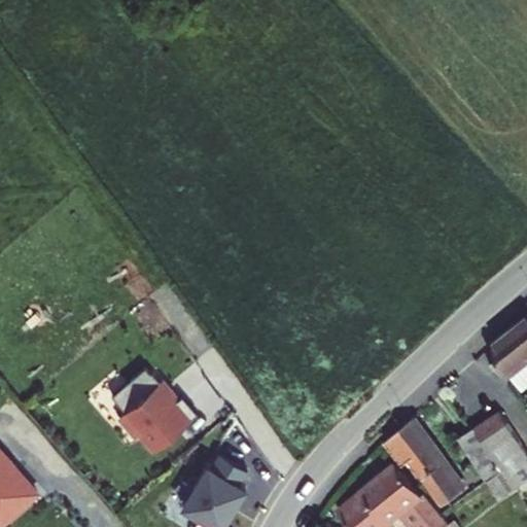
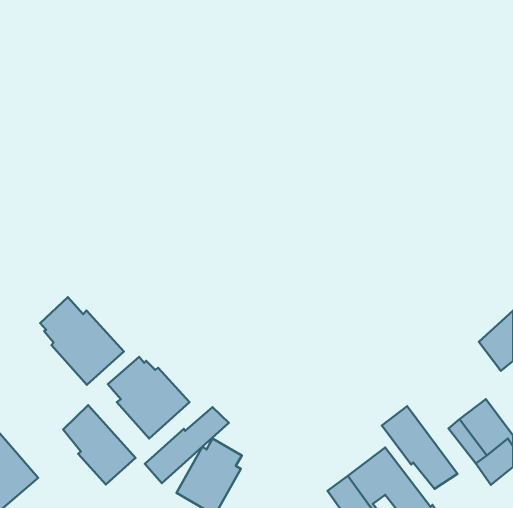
building: none -> [40,297,124,385]
building: none -> [63,405,136,484]
building: none -> [145,407,229,483]

